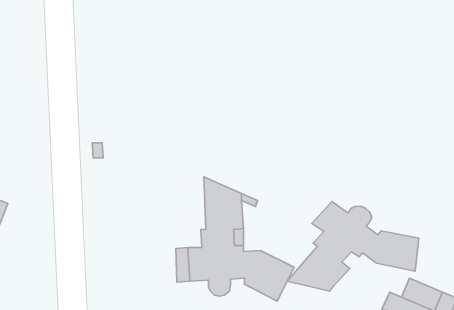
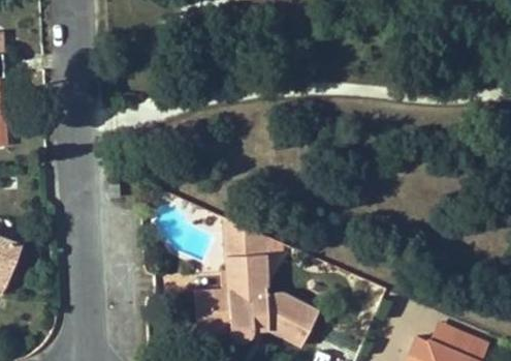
building: [287,201,419,291] -> none

